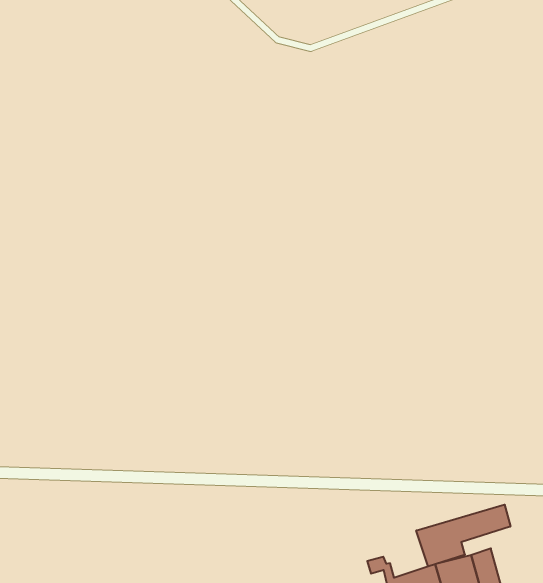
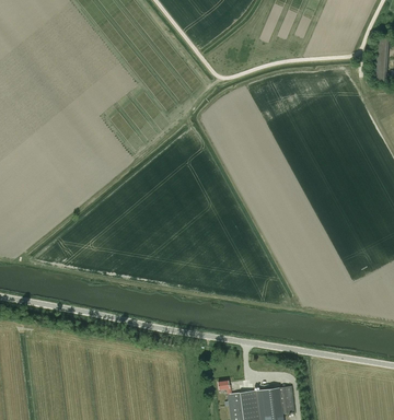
building: [416,505,510,566] -> none

